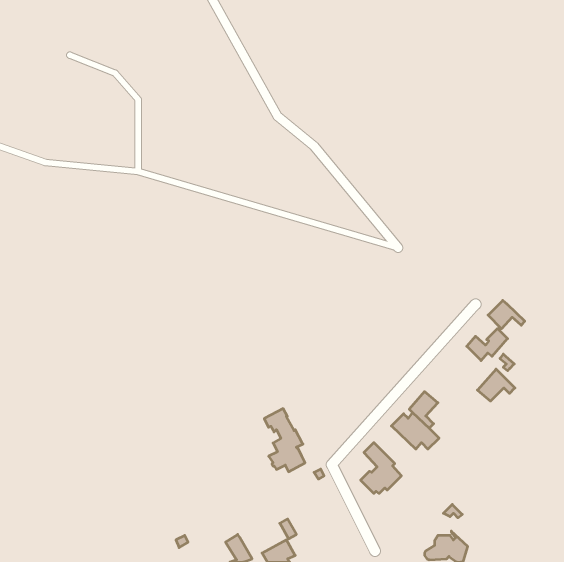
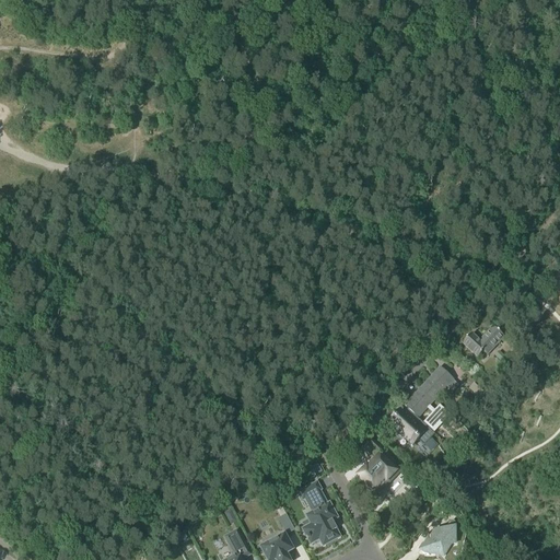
building: [488,300,525,329] -> none
building: [477,369,515,401] -> [420,366,457,398]
building: [264,409,305,472] -> [298,481,338,544]

